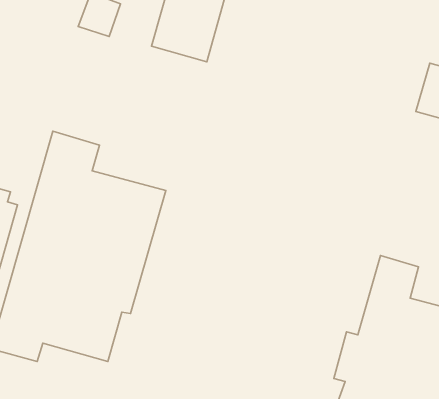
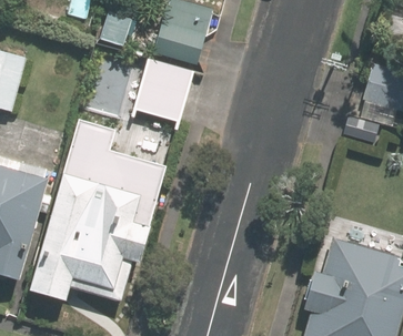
building: none -> [130,57,192,121]

